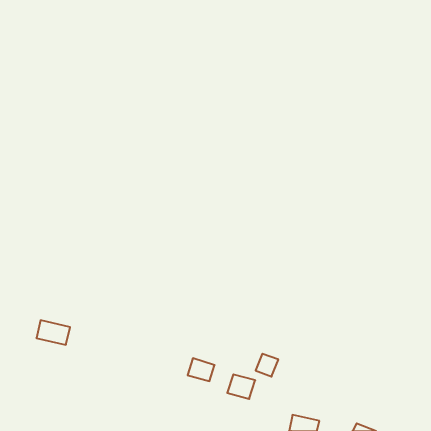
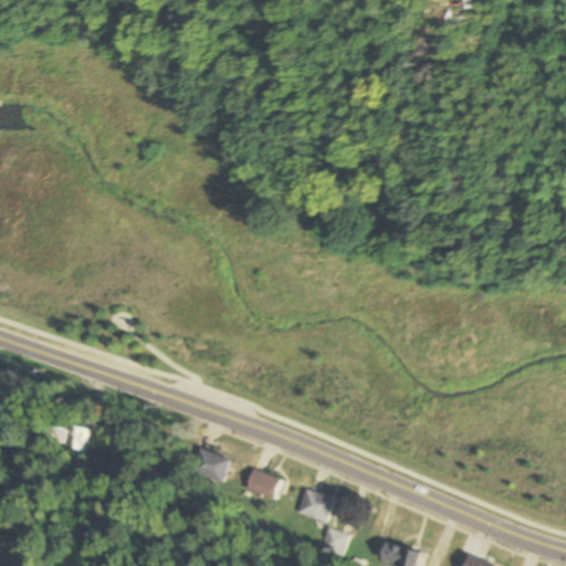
building: none -> [191,449,230,482]
building: [256,354,278,377] -> [319,527,349,557]

